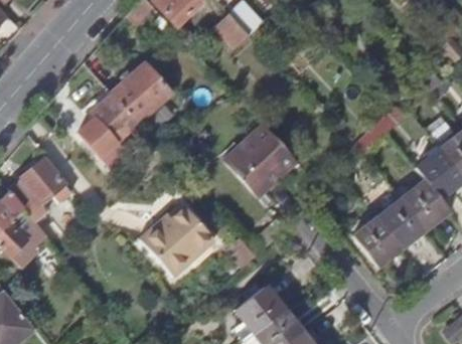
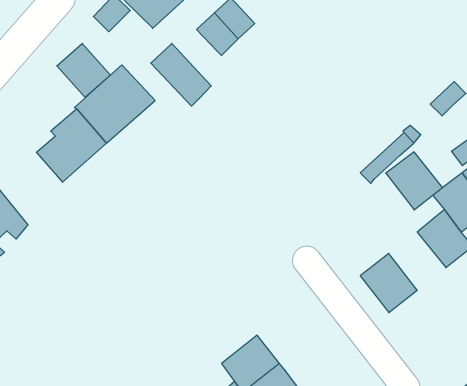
building: none -> [151,43,211,106]
building: none -> [57,43,111,97]
building: [224,123,297,196] -> none
building: [377,198,426,247] -> [386,152,443,210]
building: [140,206,215,277] -> none

